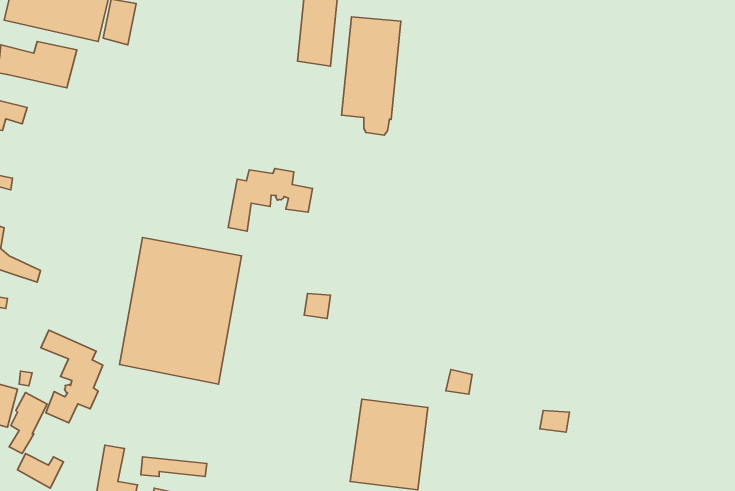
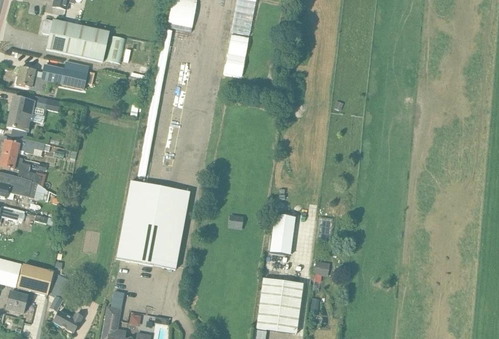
building: [342,17,401,135] -> none
building: [228,168,312,231] -> none
building: none -> [270,214,296,255]
building: [41,330,103,423] -> none

